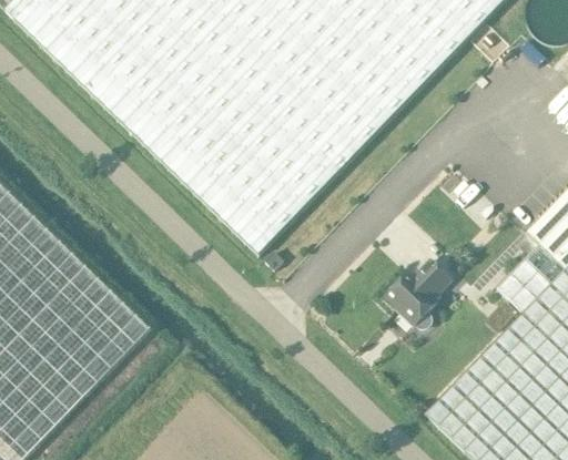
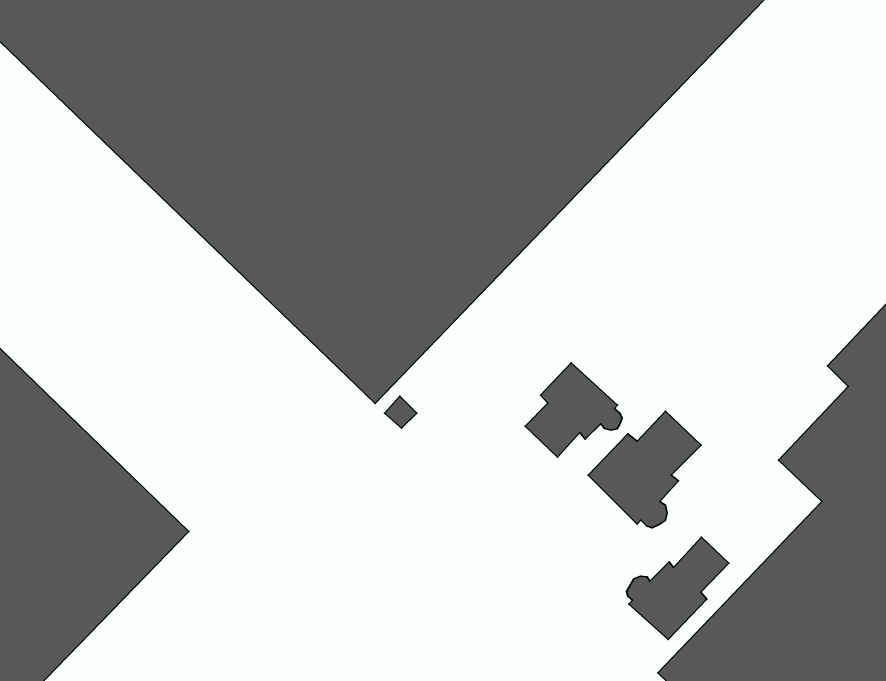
building: none -> [525,363,622,457]
building: none -> [627,537,729,639]

